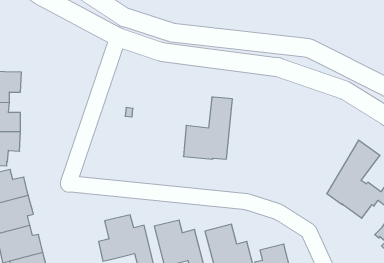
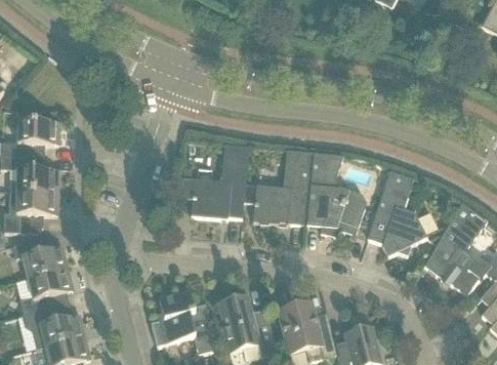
building: none -> [191,144,248,218]
building: none -> [305,152,366,235]
building: none -> [367,169,426,255]

